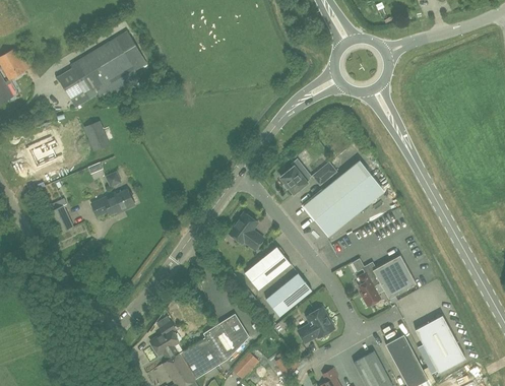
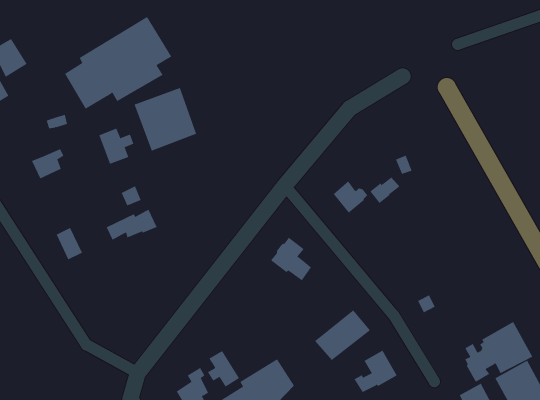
building: none -> [134,87,197,152]
building: [303,159,381,232] -> none
building: [244,246,291,288] -> none
building: [359,254,416,305] -> [465,321,533,383]
building: none -> [207,350,240,387]

